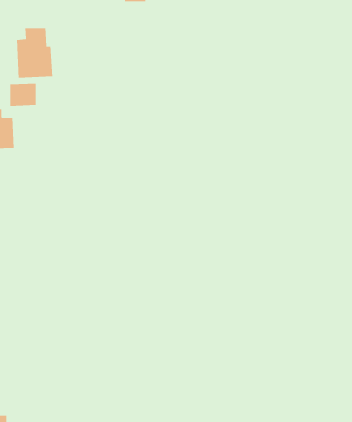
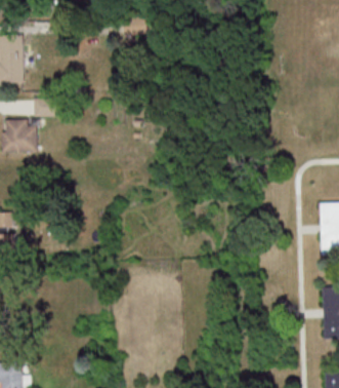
building: [17,27,53,78] -> none

